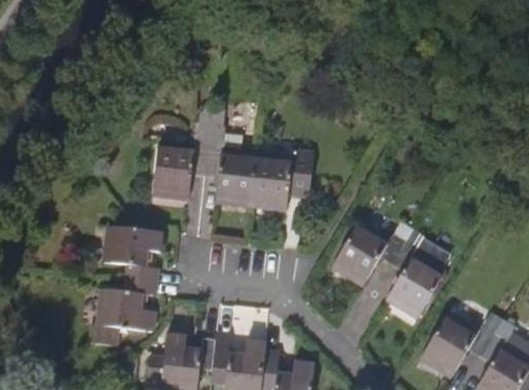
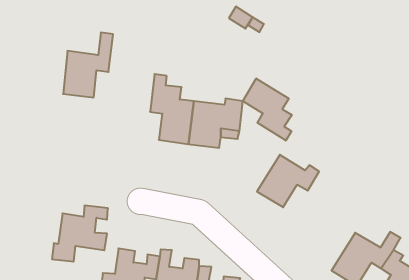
building: [152,122,211,199] -> [63,33,113,97]
building: none -> [243,78,292,141]
building: [105,228,164,283] -> none
building: [388,239,446,317] -> none

